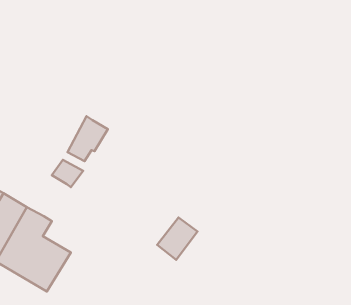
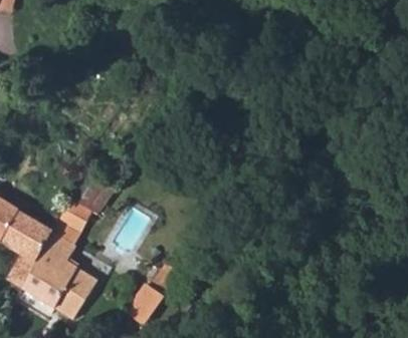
building: [67,116,108,161] -> [53,197,93,242]
building: [157,218,197,260] -> [128,279,168,321]

